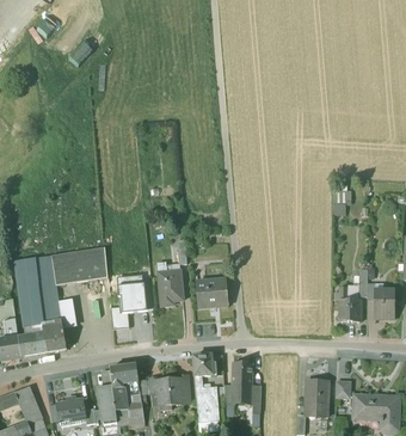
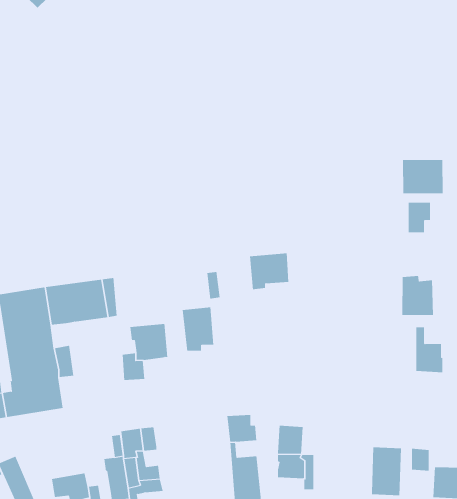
building: none -> [402,159,443,194]
building: none -> [402,275,434,316]
building: [196,278,227,307] -> [249,253,289,290]
building: [158,377,189,405] -> none

